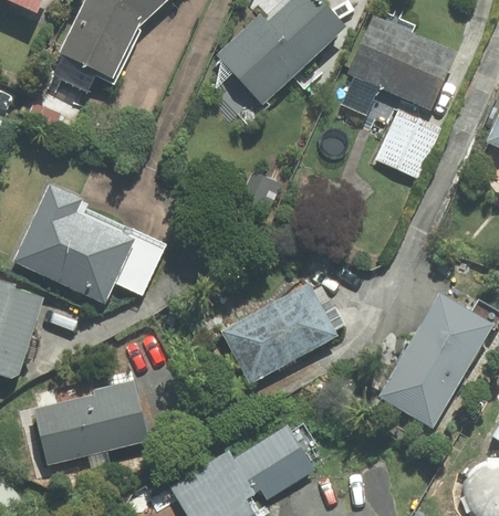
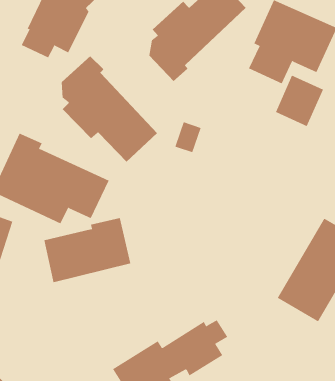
building: none -> [61,55,158,162]
building: [220,284,342,382] -> none
building: [34,381,146,464] -> [43,218,131,283]

